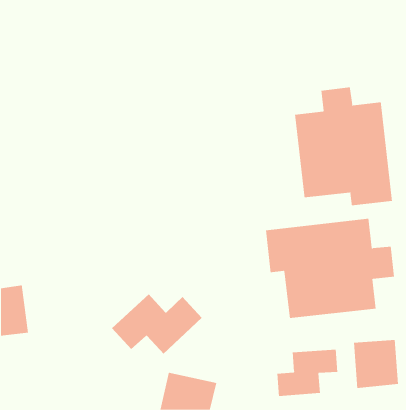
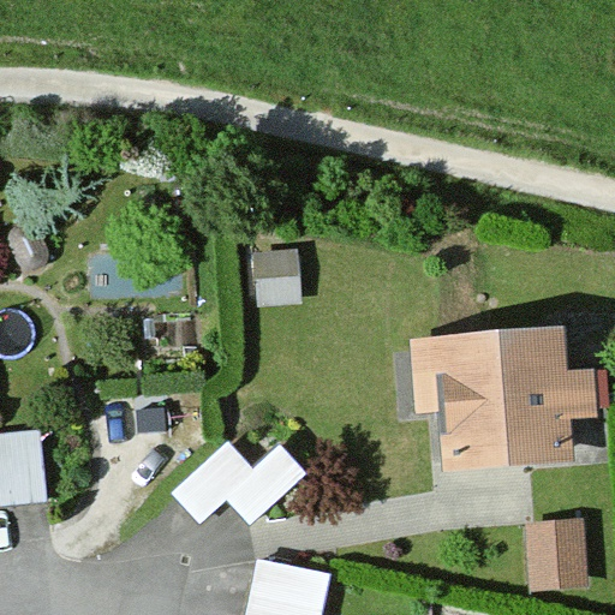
building: [295,87,392,206] -> none
building: [277,349,338,397] -> none

